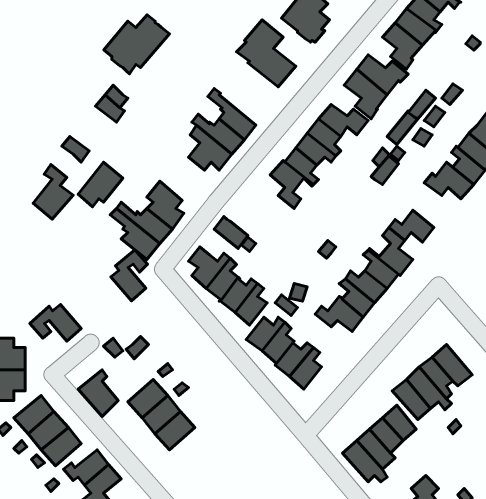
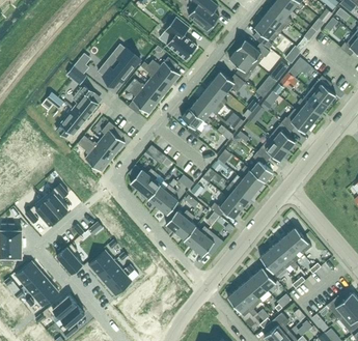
building: [104,15,169,74] -> [98,49,140,87]
building: none -> [147,58,180,86]
building: [33,165,73,219] -> [73,85,99,120]
building: none -> [269,123,295,152]
building: [111,250,148,301] -> [45,184,68,218]

